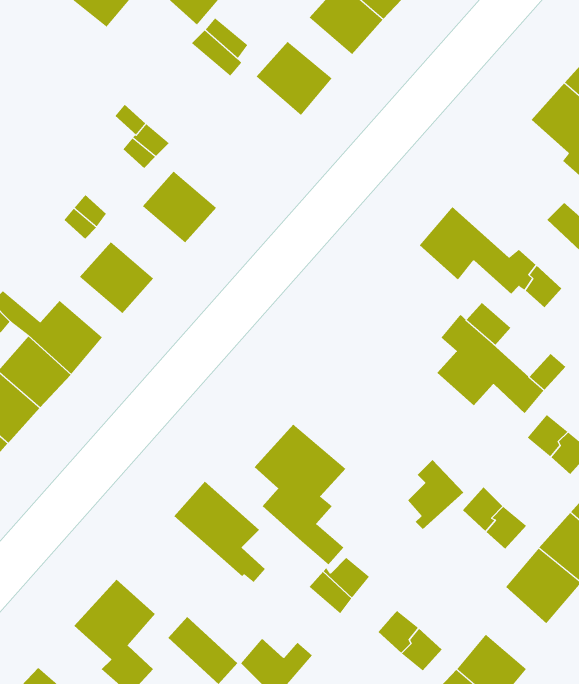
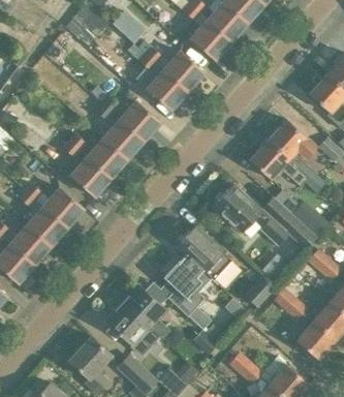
building: none -> [148,71,188,111]
building: none -> [121,102,160,141]
building: none -> [268,119,314,166]
building: none -> [88,140,127,178]
building: none -> [214,185,261,231]
building: none -> [177,226,231,279]
building: none -> [104,303,163,347]

